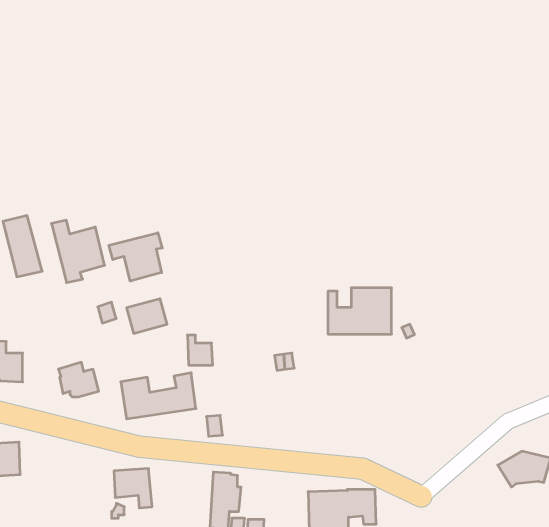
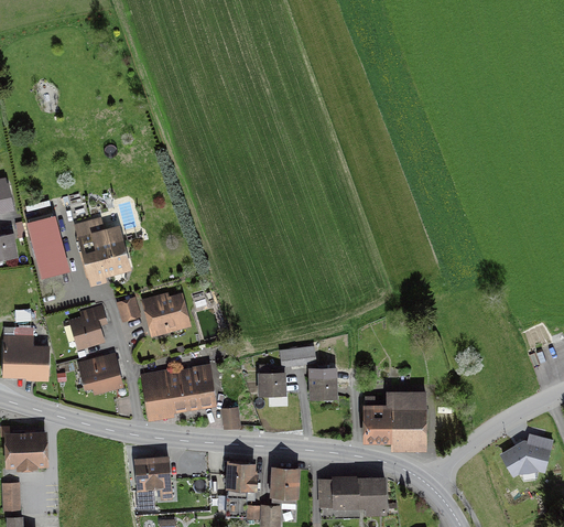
building: [109,233,162,281] -> none
building: [328,288,392,334] -> [366,394,426,438]
building: none -> [72,314,102,346]
building: [187,335,213,365] -> [260,365,284,394]
building: none -> [311,368,335,397]
building: none -> [270,467,297,499]

